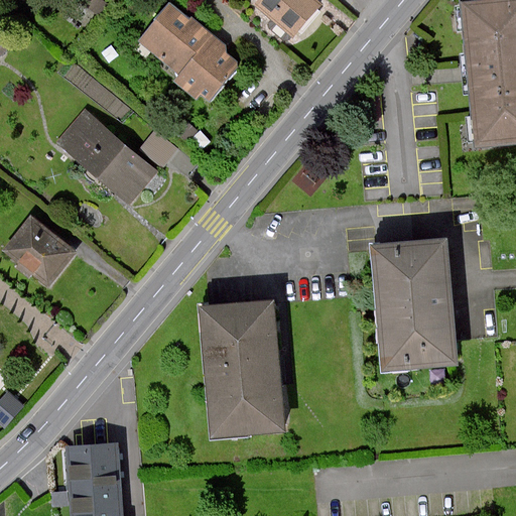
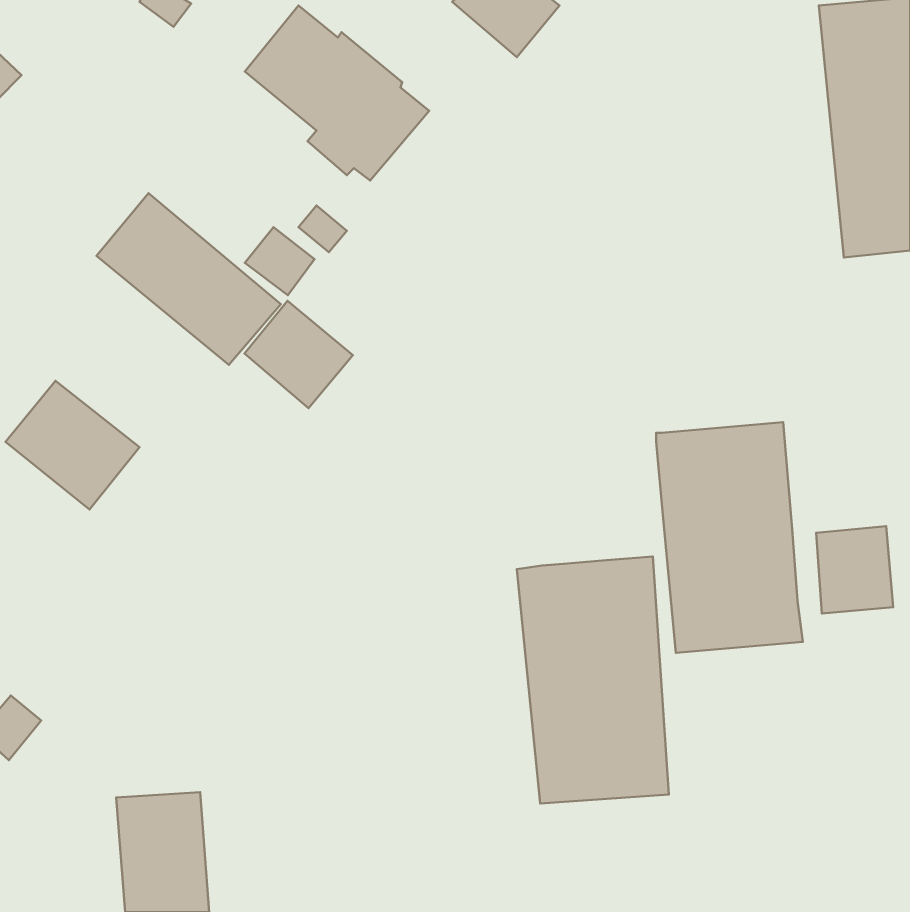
building: none -> [244,301,353,408]
building: none -> [816,526,893,613]
building: [200,298,285,437] -> [517,557,669,803]

